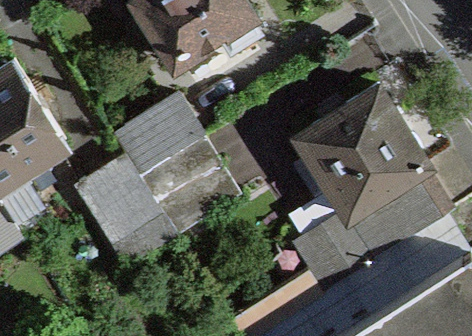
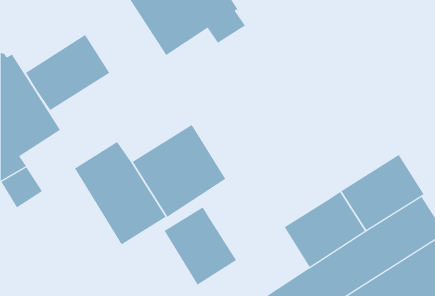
building: [298,88,429,218] -> none
building: [114,98,204,179] -> [25,34,110,111]
building: none -> [164,206,237,285]

